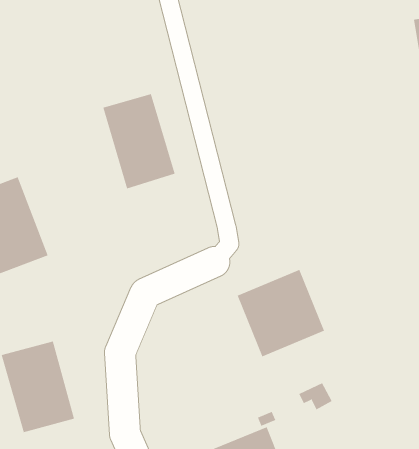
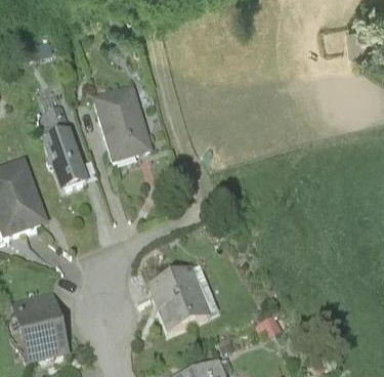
building: none -> [40,103,87,188]
building: [237,269,325,357] -> [146,262,218,334]

